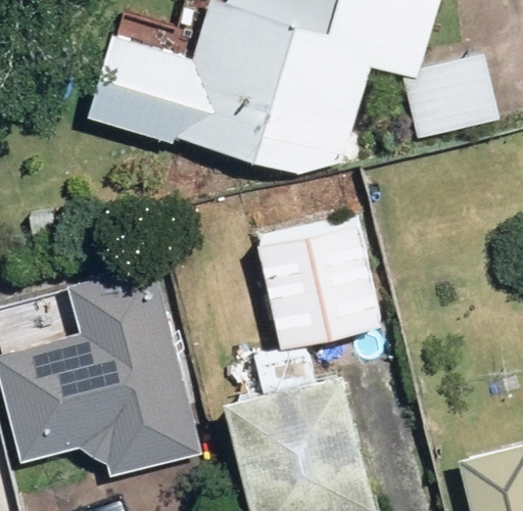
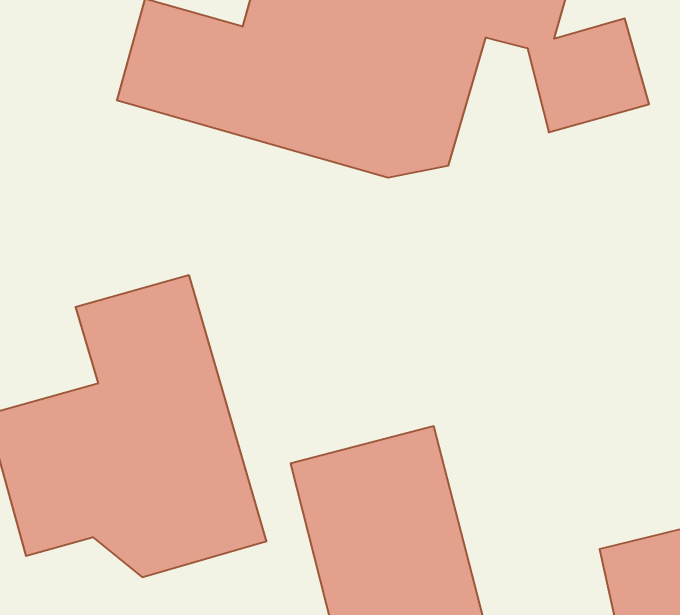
building: [257,214,380,346] -> none

